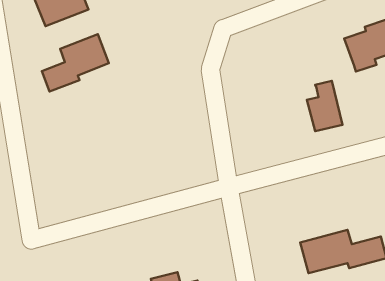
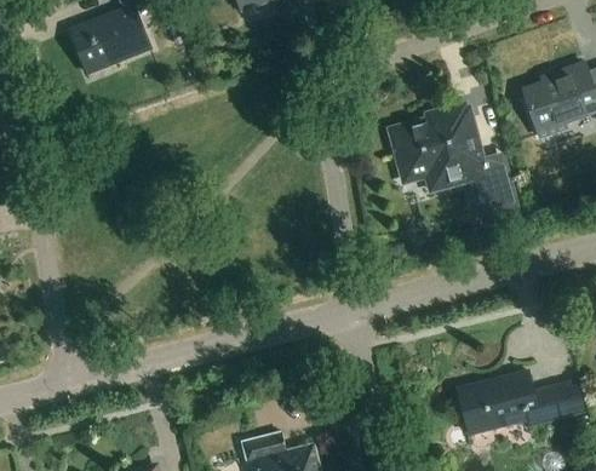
building: [42,34,109,92] -> none
building: none -> [390,107,481,190]

